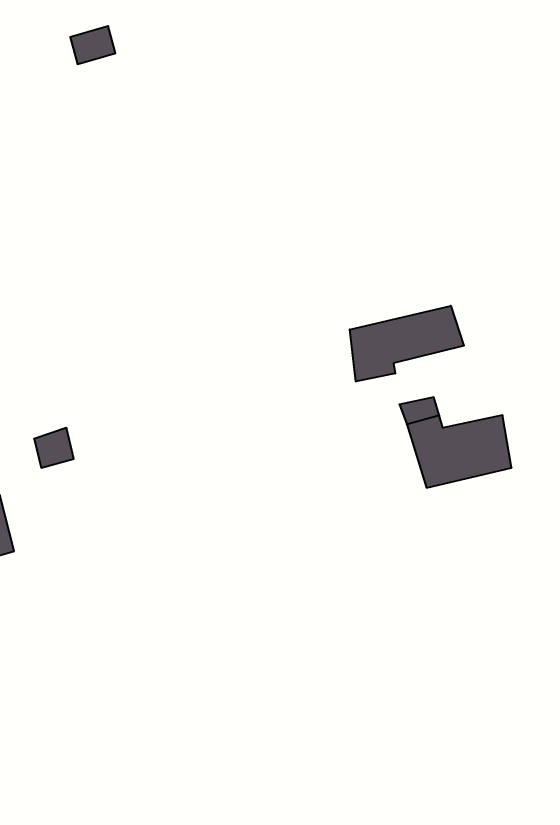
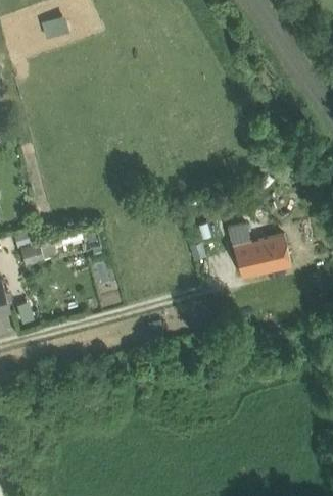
building: [350,306,464,382] -> none

